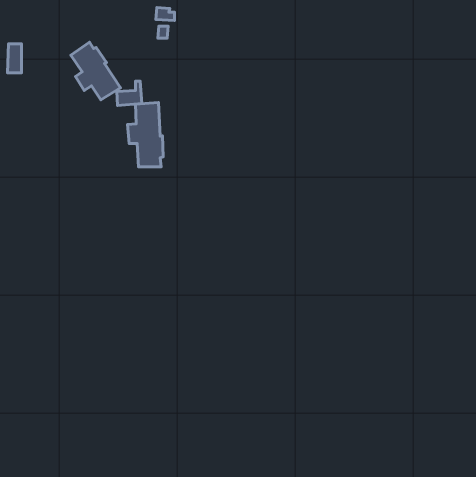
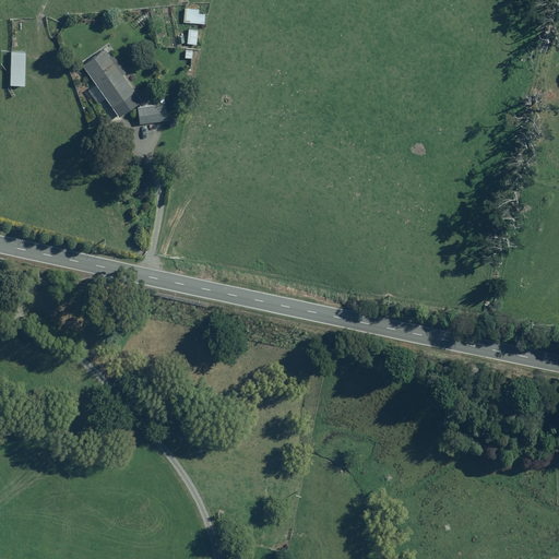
building: [127,102,163,167] -> none

